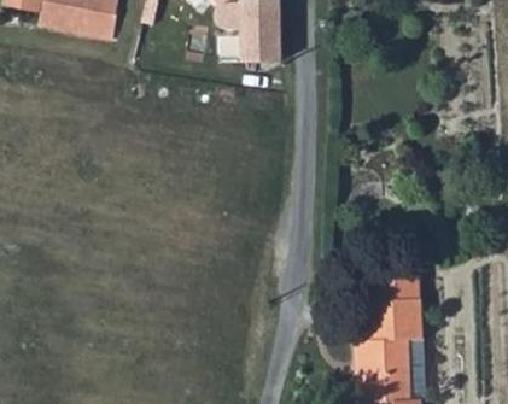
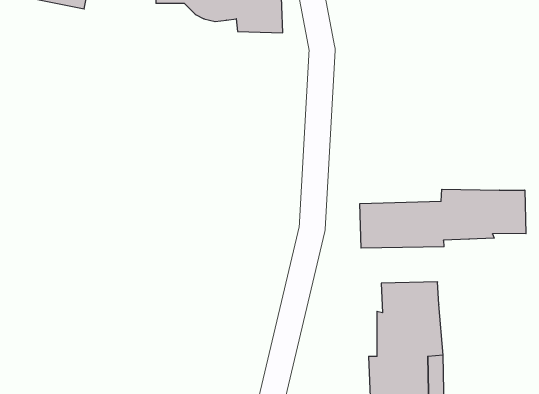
building: none -> [360,189,526,248]

